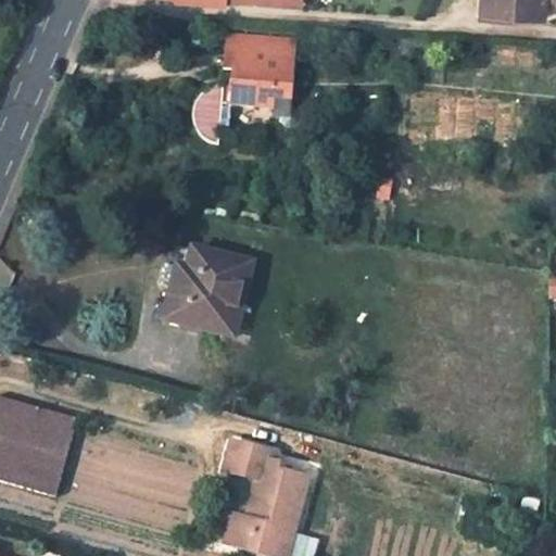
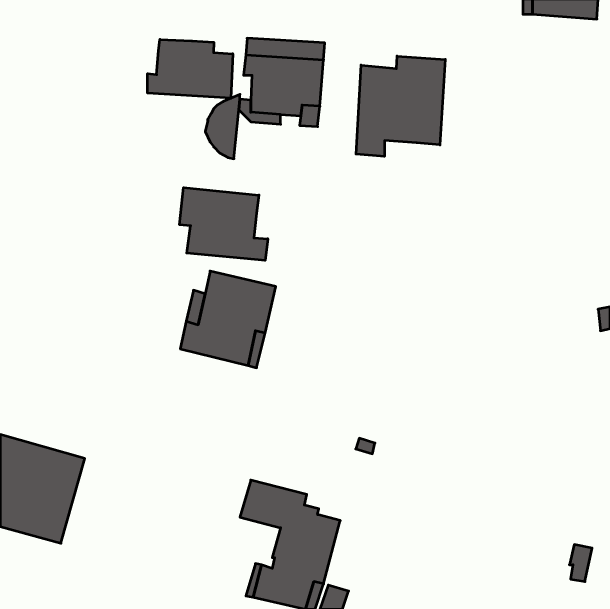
building: none -> [148,39,233,98]
building: none -> [356,56,445,156]
building: none -> [180,188,268,260]

